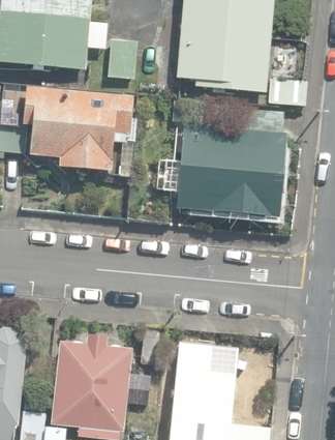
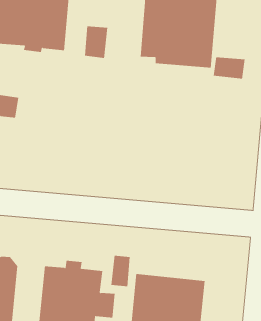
building: [23,88,133,177] -> none
building: [177,109,286,217] -> none

